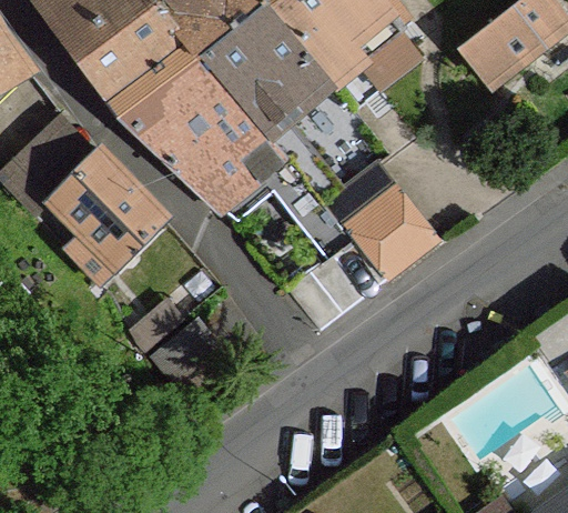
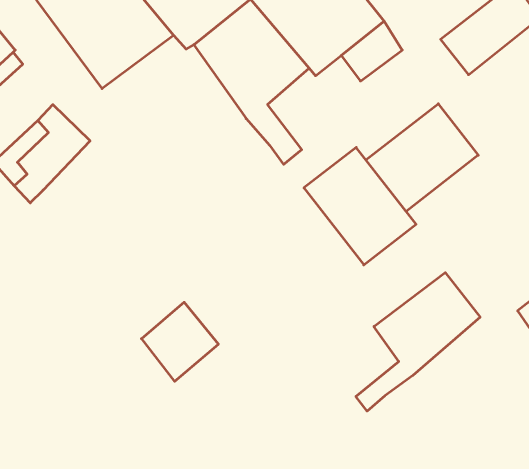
building: [111,43,285,210] -> none
building: none -> [366,104,478,211]
building: [50,153,161,266] -> none
building: none -> [356,273,480,411]

